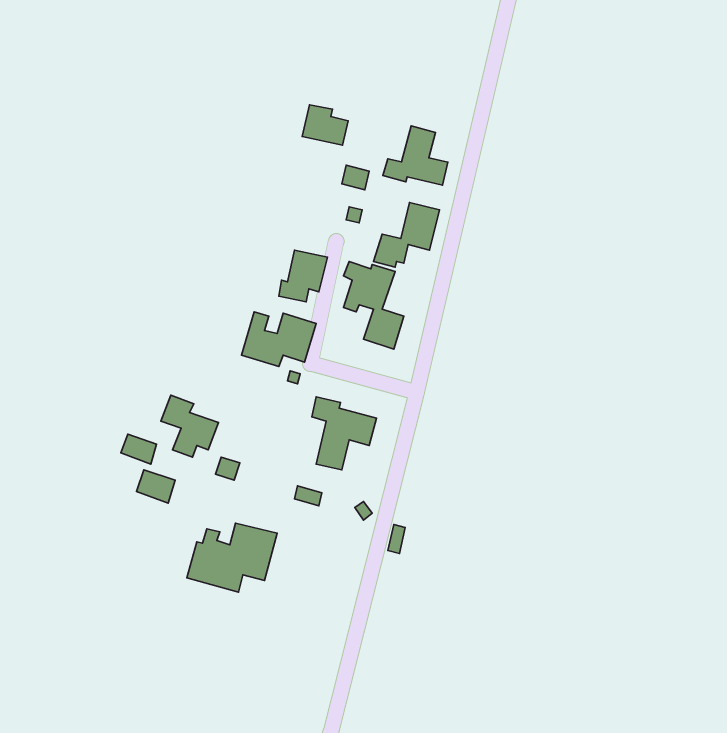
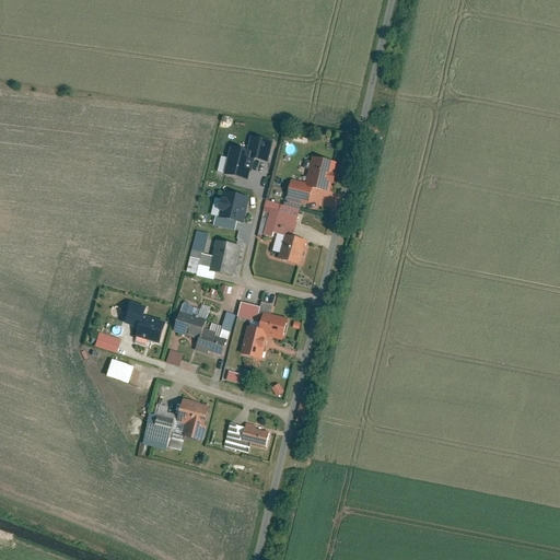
building: [302,105,348,145] -> [222,144,257,175]
building: [383,126,448,185] -> none
building: none -> [172,300,234,354]
building: none -> [224,420,270,453]

